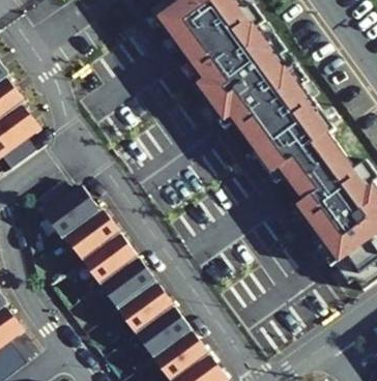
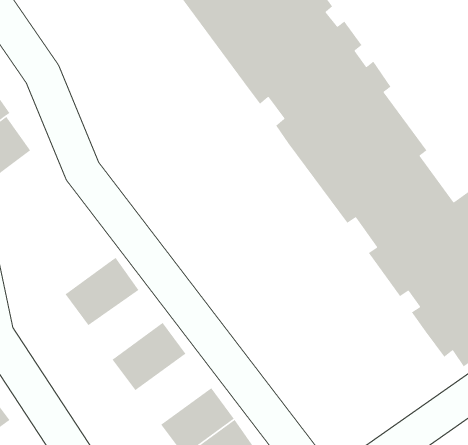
building: [41,186,98,239] -> none
building: [81,234,137,286] -> none
building: [116,282,173,334] -> none

